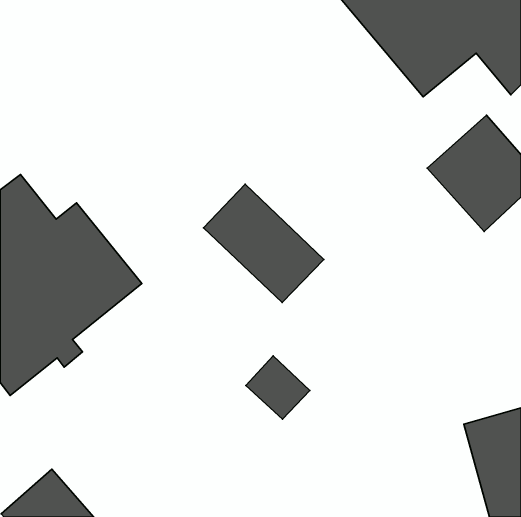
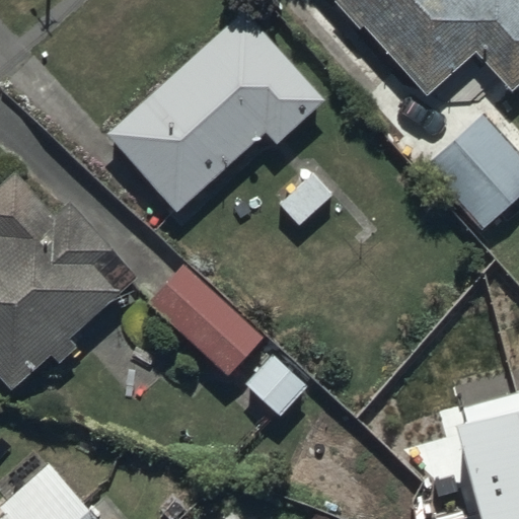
building: none -> [107,13,322,211]
building: [204,184,324,302] -> [141,265,261,382]

